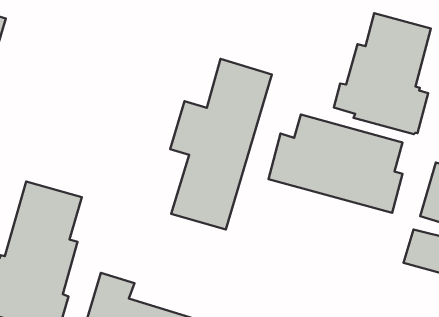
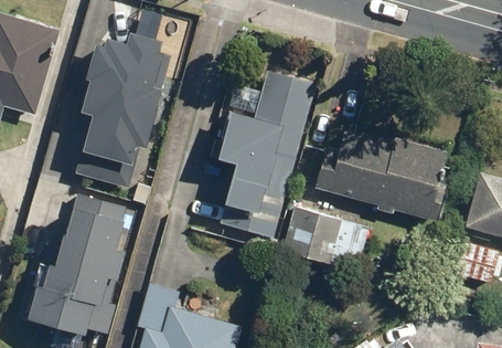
building: [334,13,431,134] -> none
building: none -> [76,32,172,188]
building: none -> [281,205,371,266]

